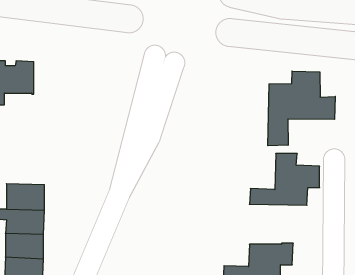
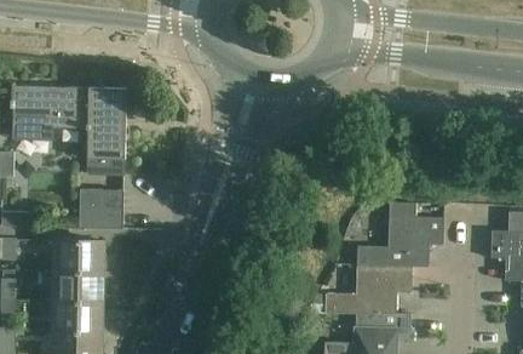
building: none -> [87,87,130,173]
building: [268,71,335,146] -> none
building: none -> [79,189,123,228]
building: none -> [324,264,412,314]

